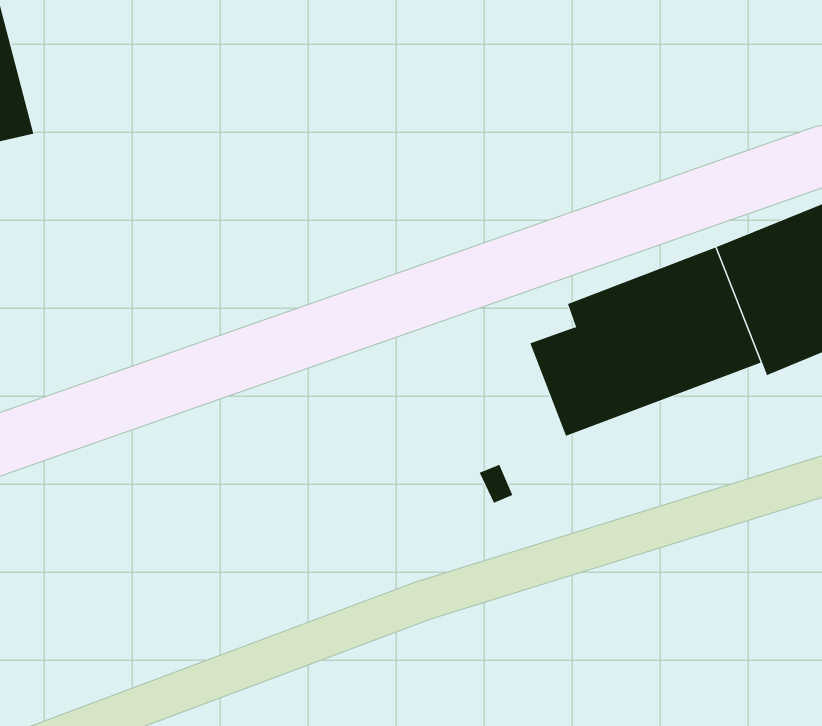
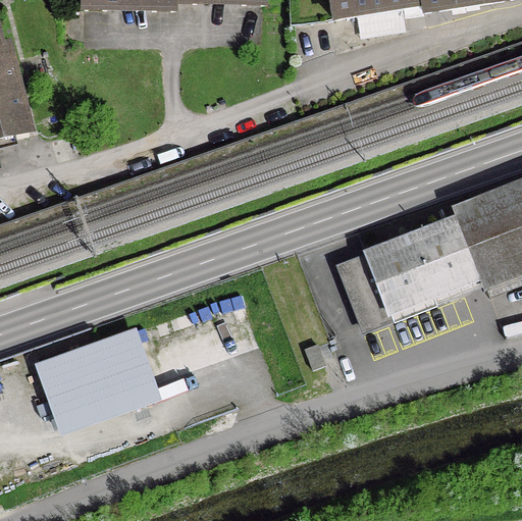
building: none -> [39,330,158,434]

